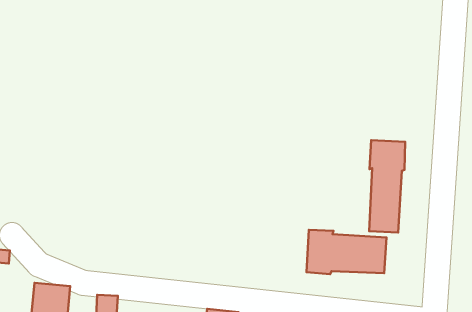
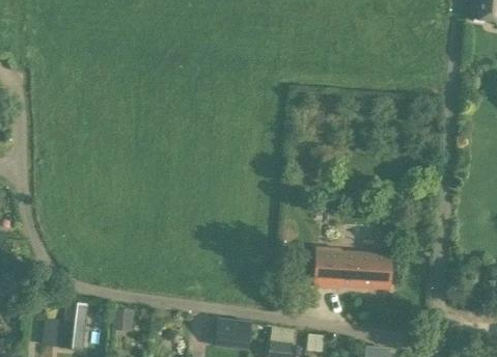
building: [369,140,405,232] -> none

